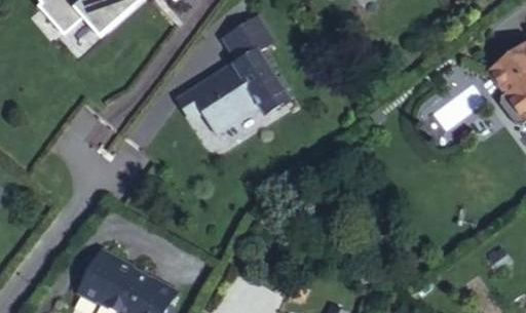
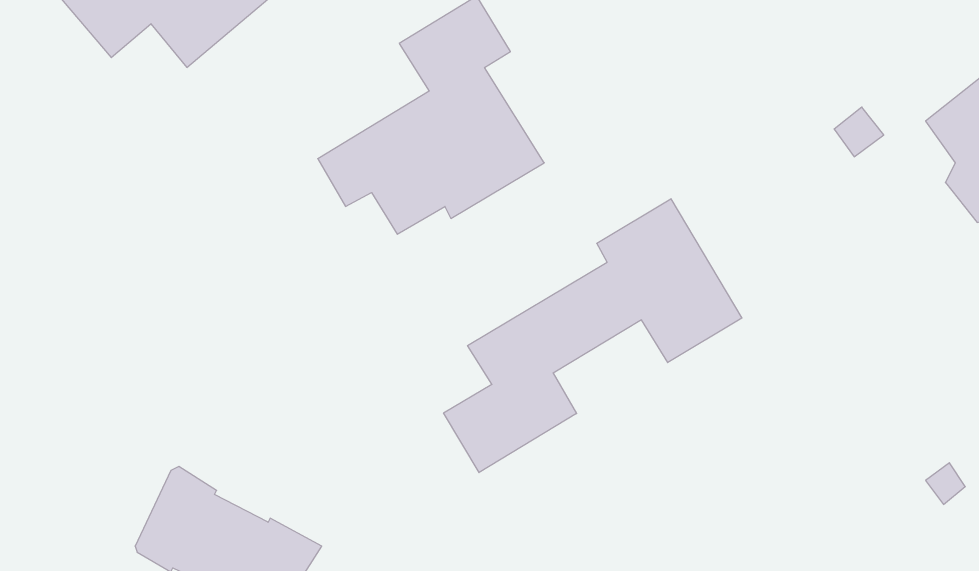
building: none -> [444,199,742,473]

